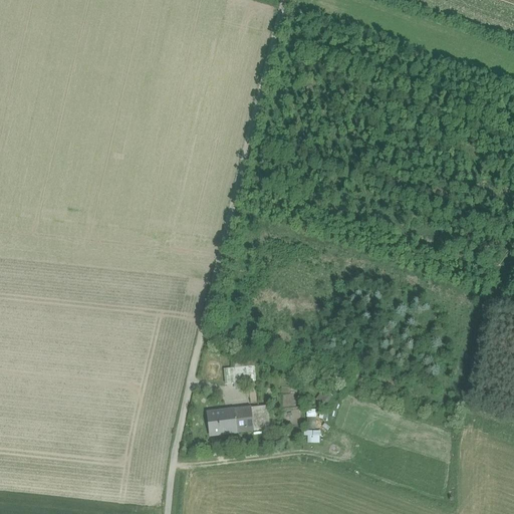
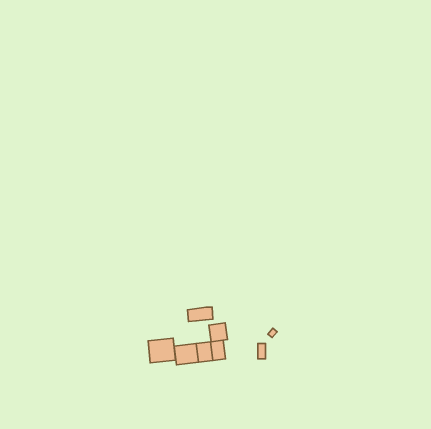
building: none -> [209,323,228,342]
building: none -> [148,338,175,363]

